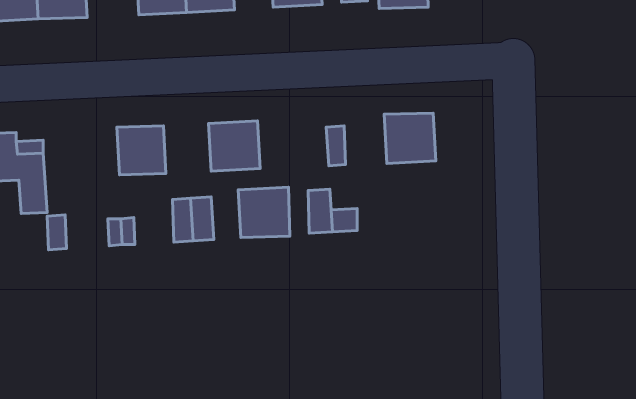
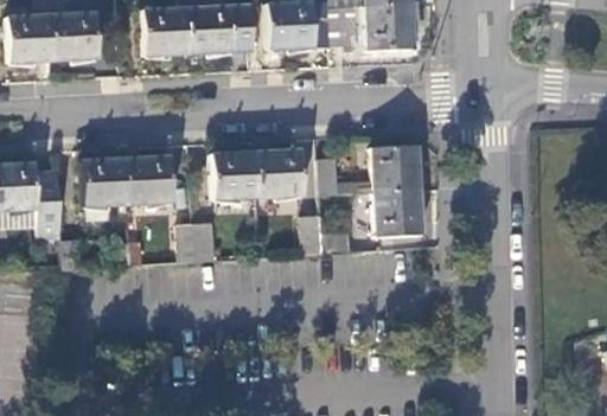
building: none -> [81,159,128,205]
building: none -> [373,190,420,237]
building: [238,187,290,237] -> [255,151,302,197]

